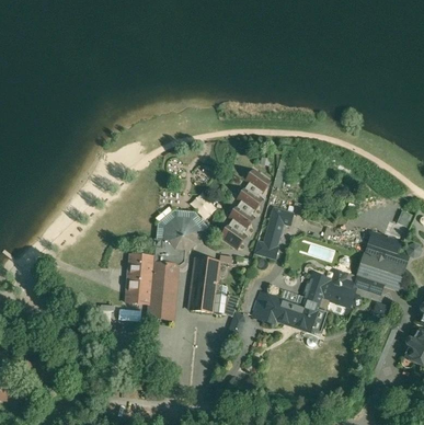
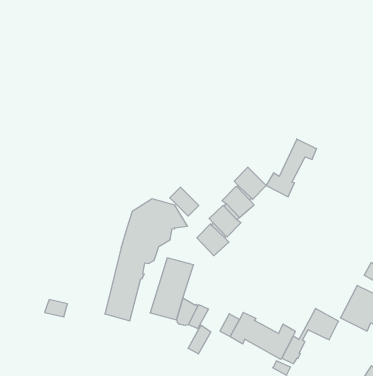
building: [253,207,291,259] -> [266,139,317,197]
building: [125,253,153,302] -> none
building: [306,273,332,309] -> none

